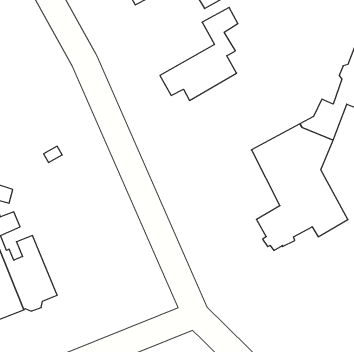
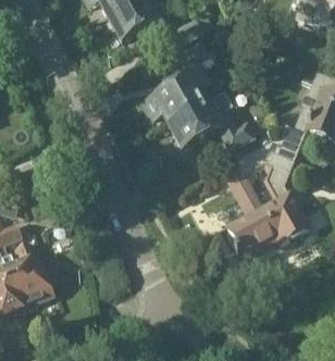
building: none -> [170,100,257,149]

